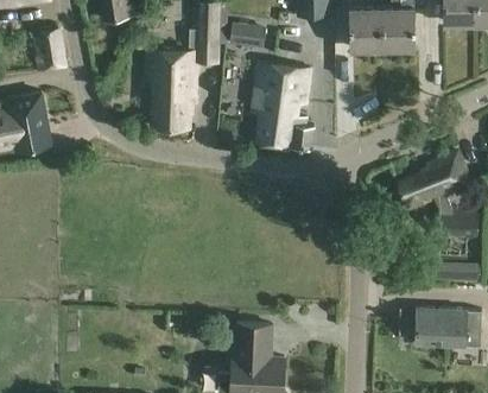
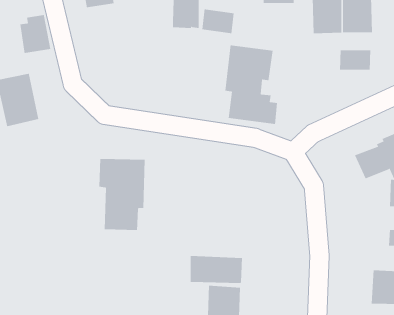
building: [146,49,197,127] -> [98,158,145,230]
building: none -> [339,50,371,71]
building: none -> [190,255,242,284]

